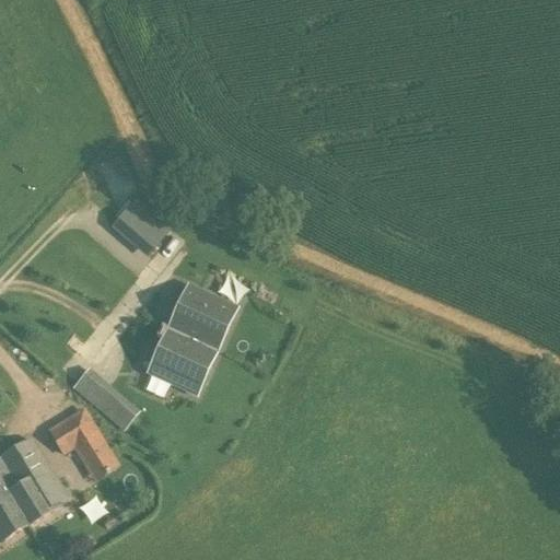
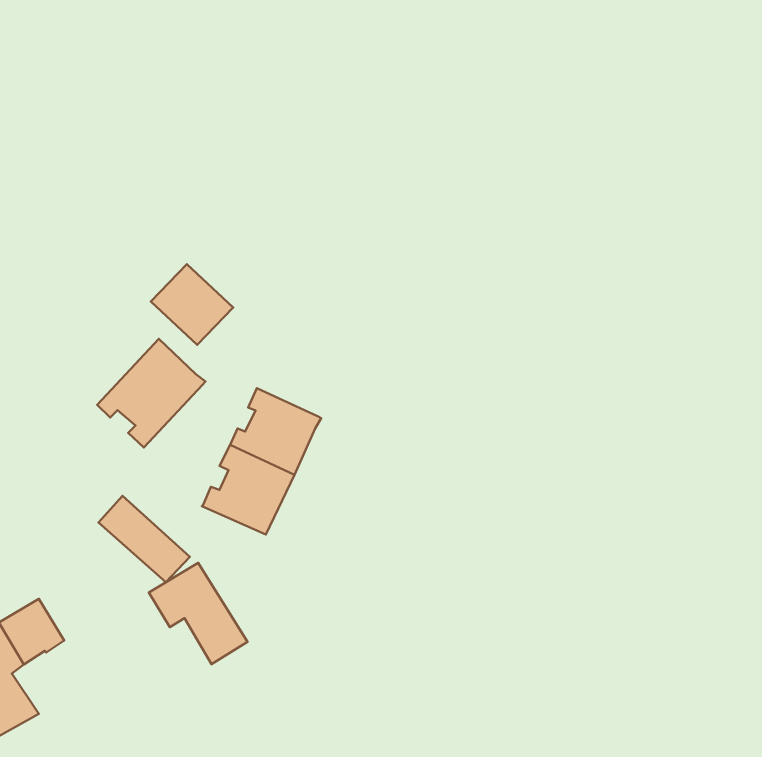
building: none -> [97,339,205,448]
building: [46,408,118,482] -> [149,563,247,664]
building: [9,469,58,524] -> none

